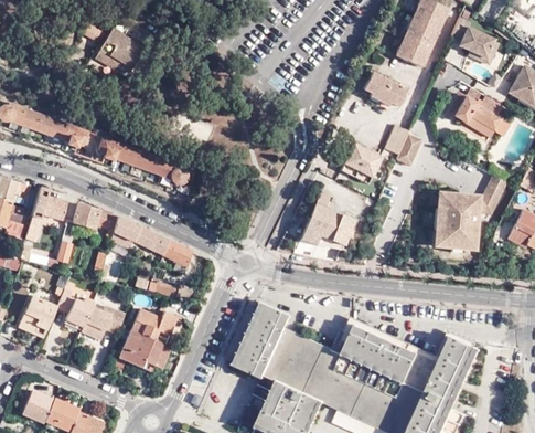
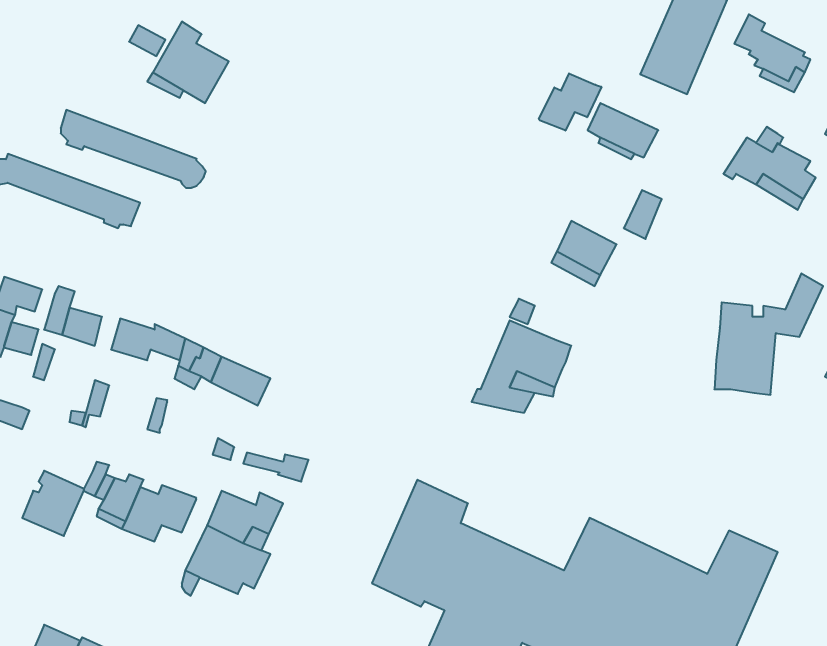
building: none -> [539,73,601,131]
building: [395,133,420,165] -> none
building: [99,137,188,184] -> [61,110,206,188]
building: [159,240,192,275] -> none

